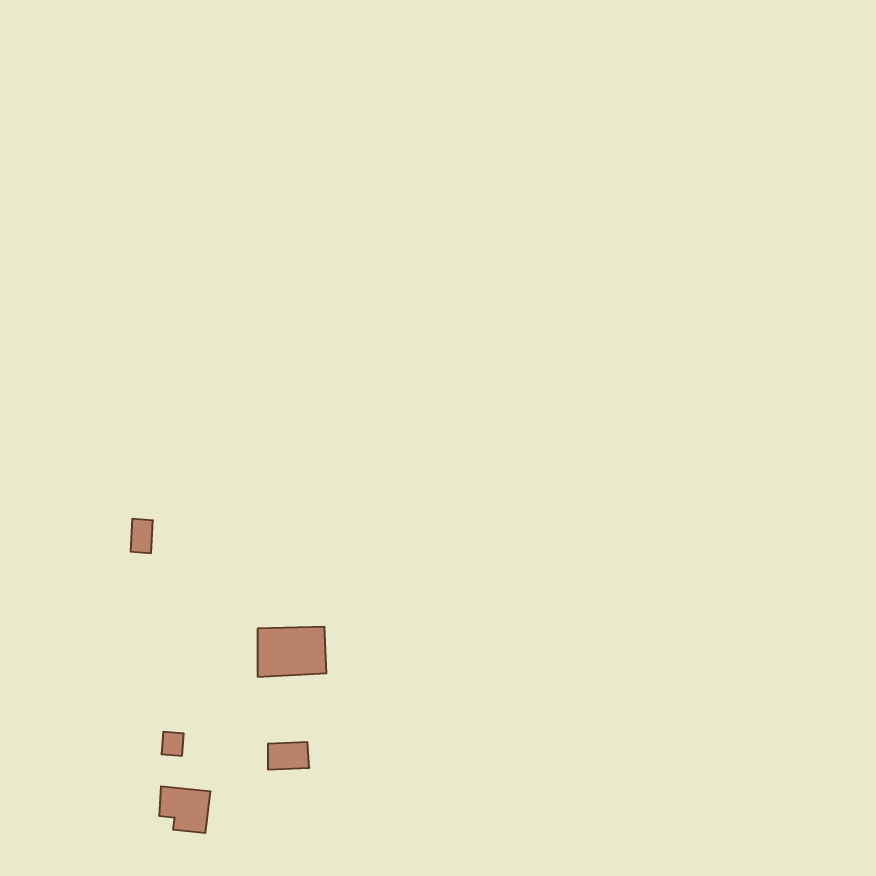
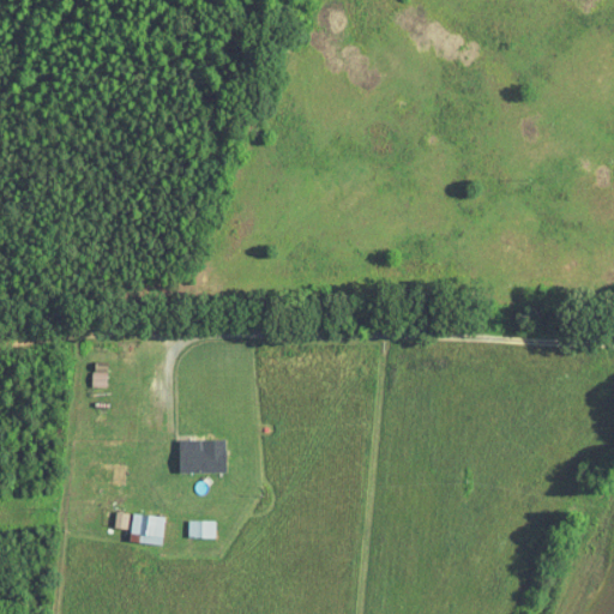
building: [159,786,211,833] -> [130,513,165,546]

